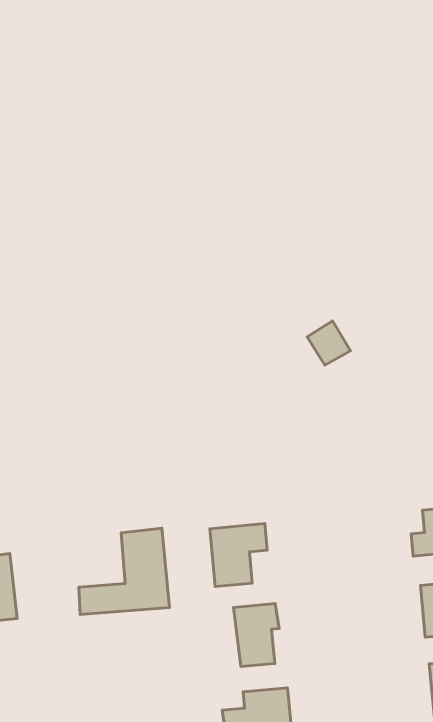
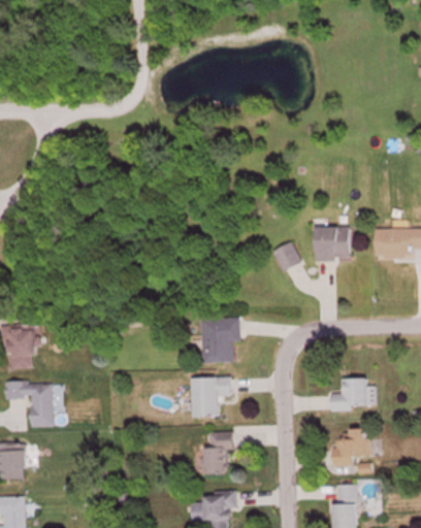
building: none -> [315,226,349,260]
building: none -> [197,318,239,363]
building: [79,528,169,614] -> none

